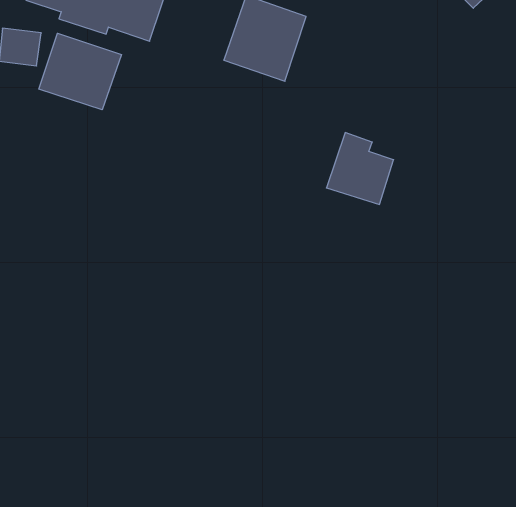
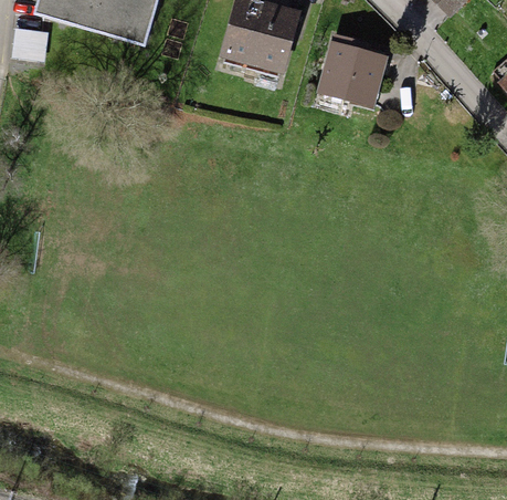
building: [39,33,122,110] -> none
building: [326,133,394,204] -> [320,37,383,104]

